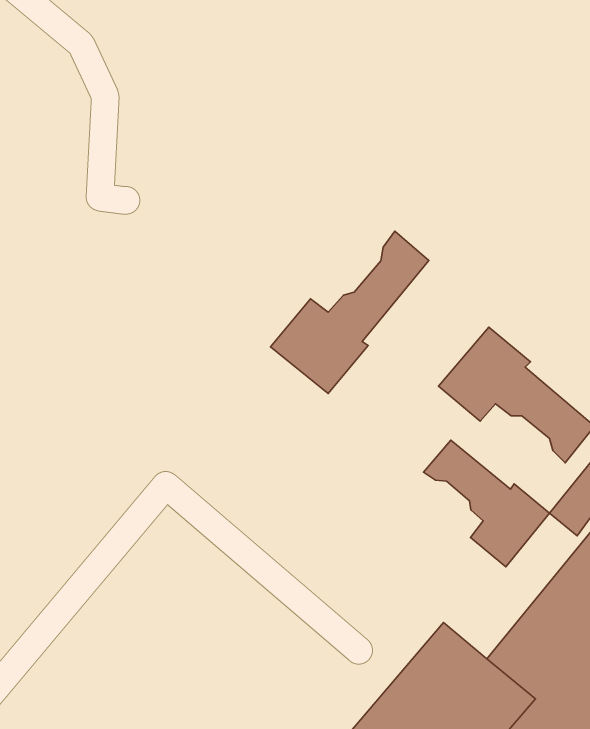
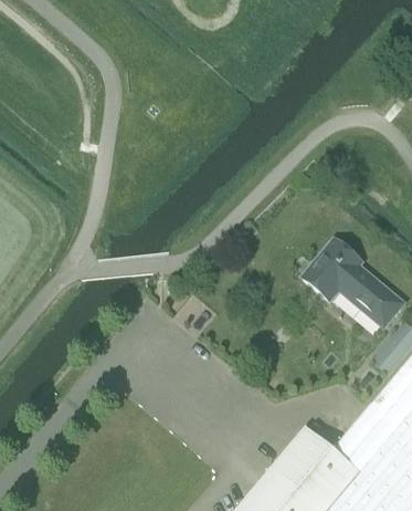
building: [271,231,429,393] -> none
building: [423,440,549,567] -> none

